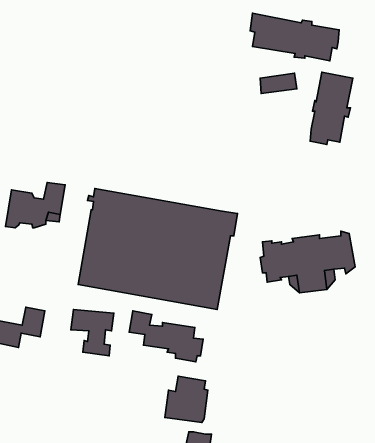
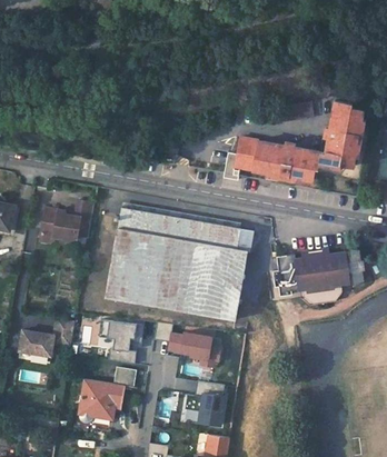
building: [250,13,339,61] -> [235,135,318,179]
building: none -> [78,367,137,421]

